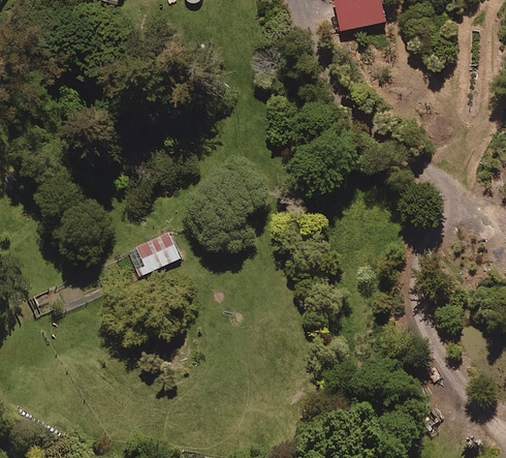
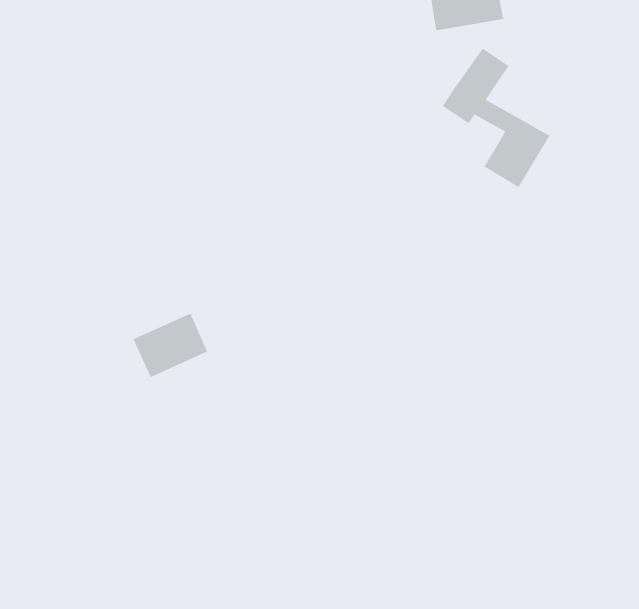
building: none -> [442,48,550,188]

